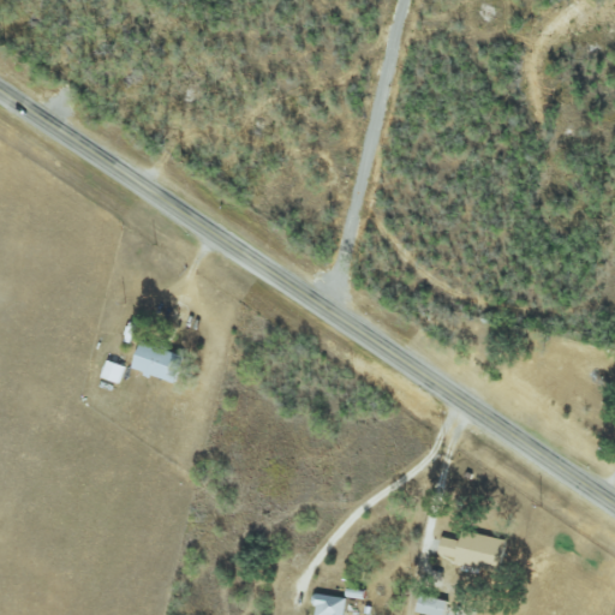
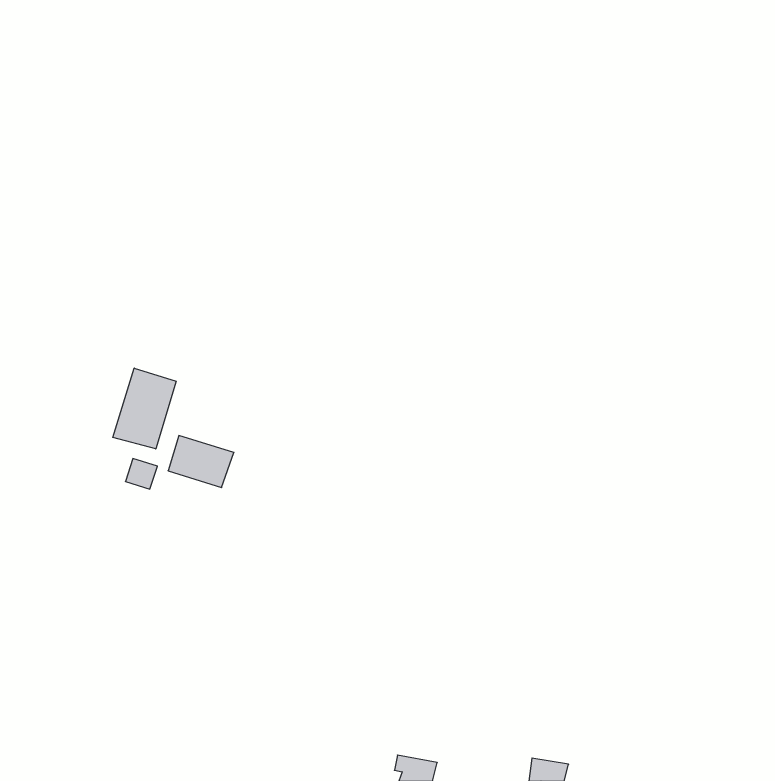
building: none -> [113,368,176,449]
building: [437,533,504,573] -> none

